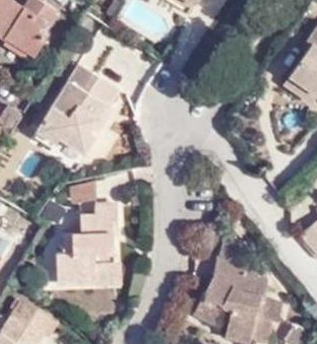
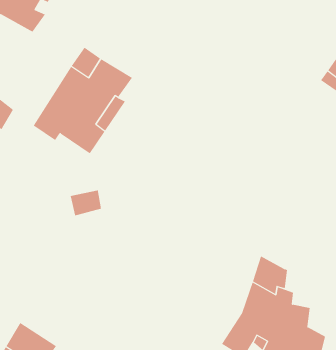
building: [59,203,122,281] -> none

